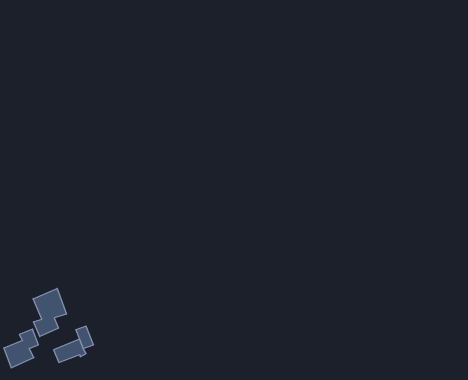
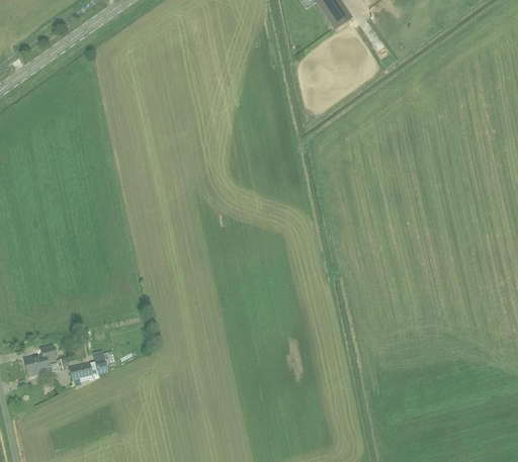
building: [33,288,66,337] -> none

